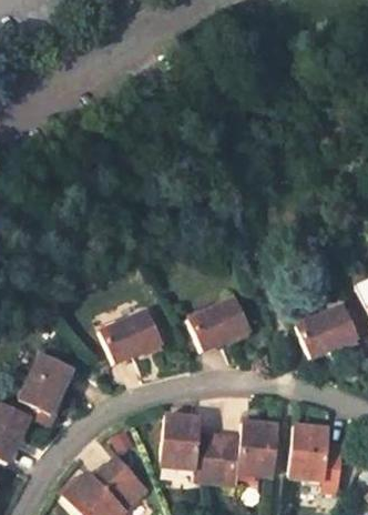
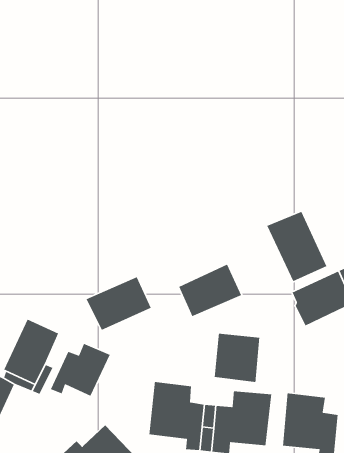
building: none -> [266,211,328,282]
building: none -> [214,333,260,383]
building: none -> [50,343,111,397]

